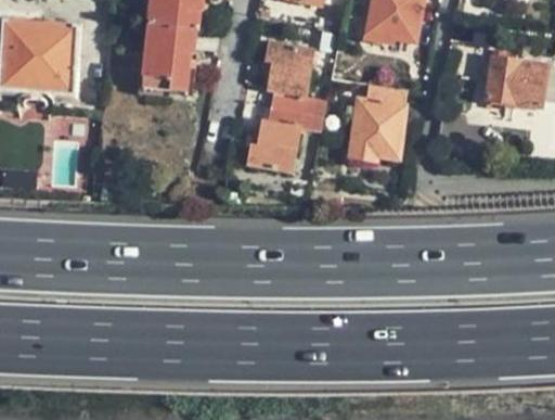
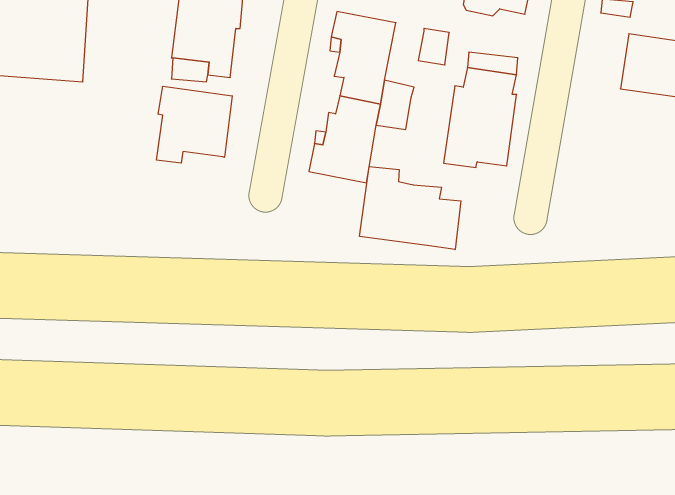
building: none -> [157,86,232,163]
building: none -> [360,166,461,250]

